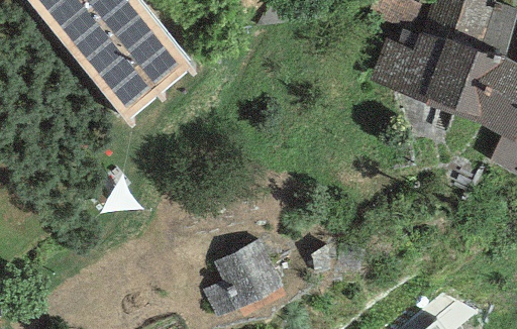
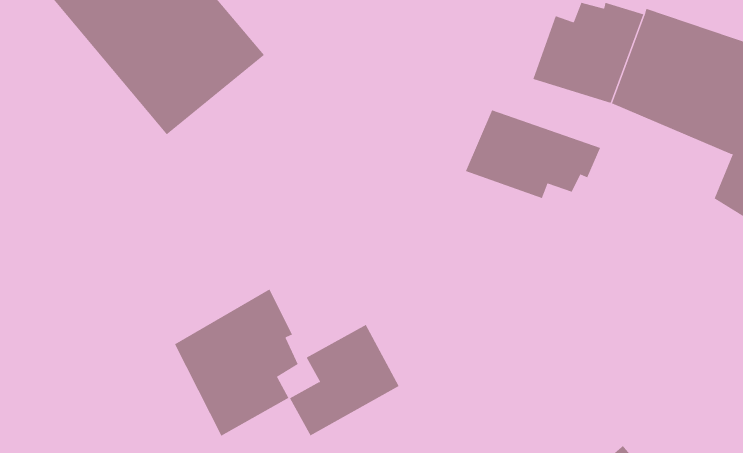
building: none -> [465,110,601,199]
building: none -> [174,289,299,436]

